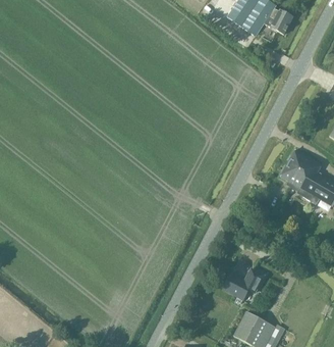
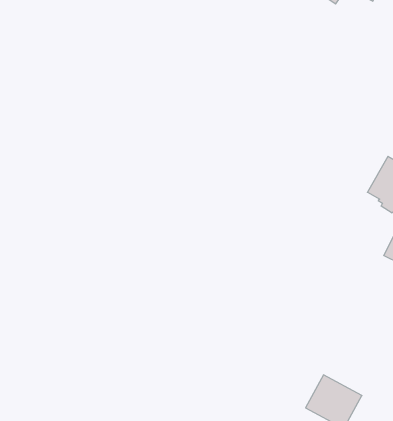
building: [223,268,264,299] -> none

